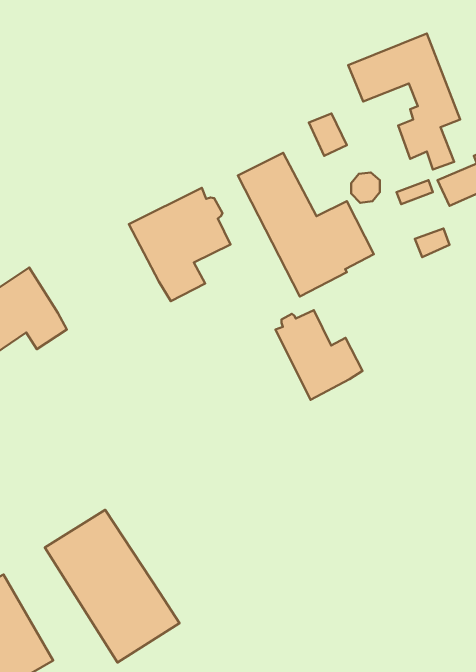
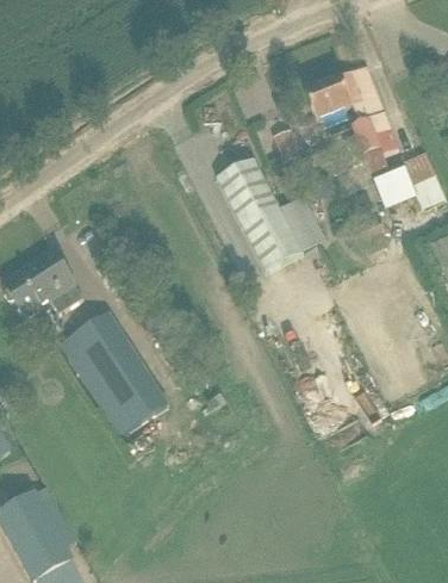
building: [129,188,230,301] -> none
building: [275,310,363,400] -> none
building: [45,510,179,662] -> [63,314,169,434]

